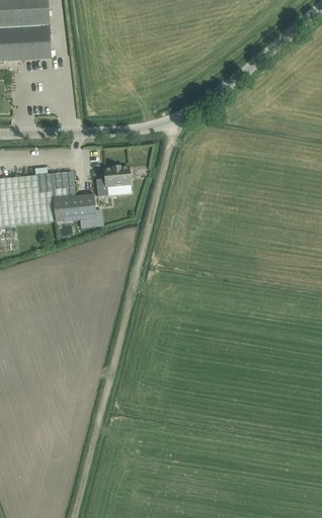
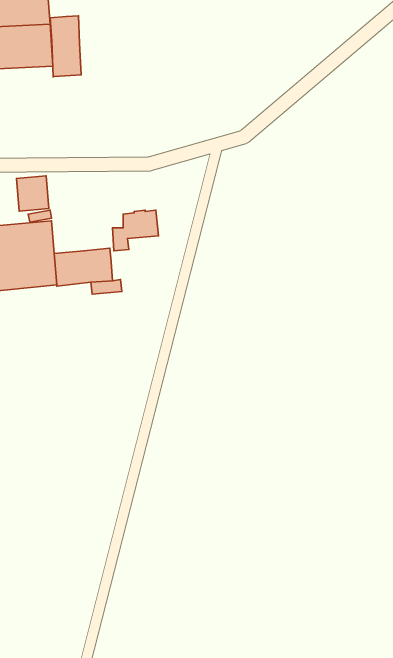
building: none -> [50,16,81,77]
building: [51,171,75,197] -> [16,176,49,211]

